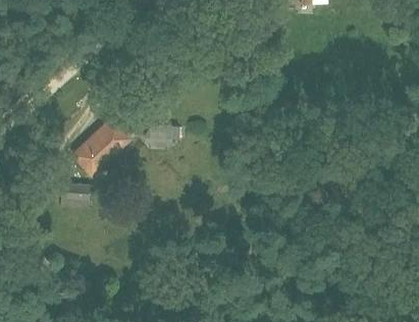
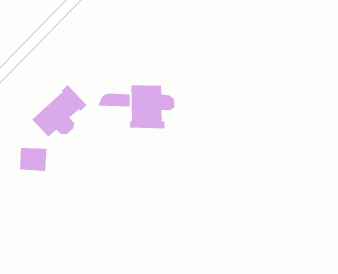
building: none -> [129,85,175,129]

